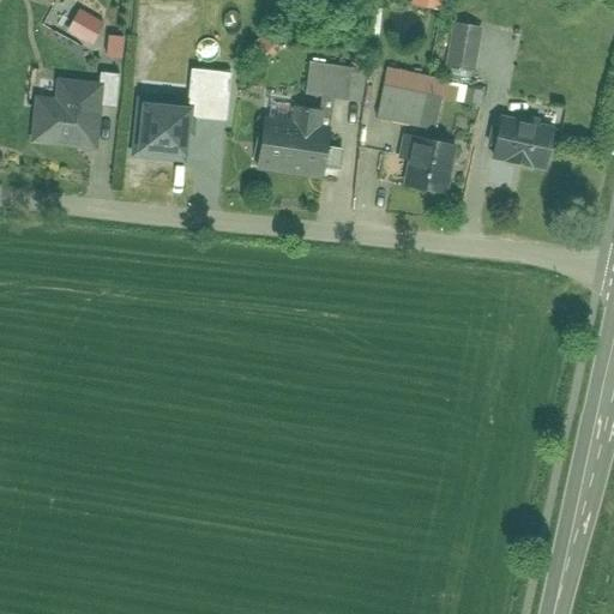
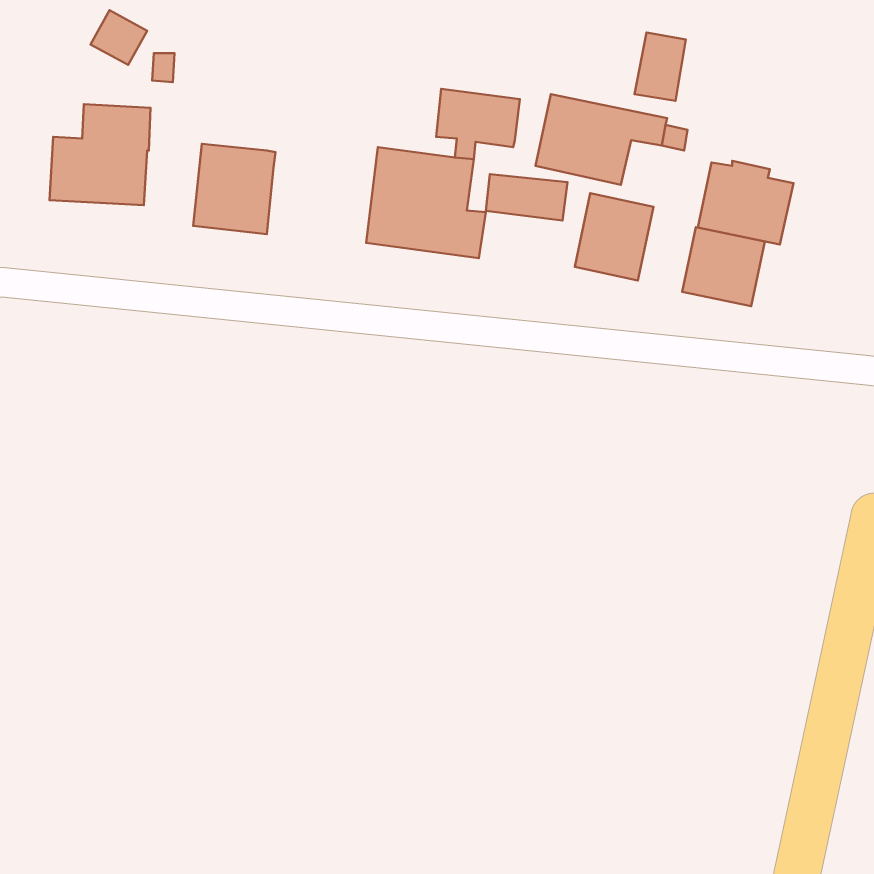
building: [187,70,230,120] -> none
building: none -> [486,174,567,220]
building: none -> [682,227,765,306]

